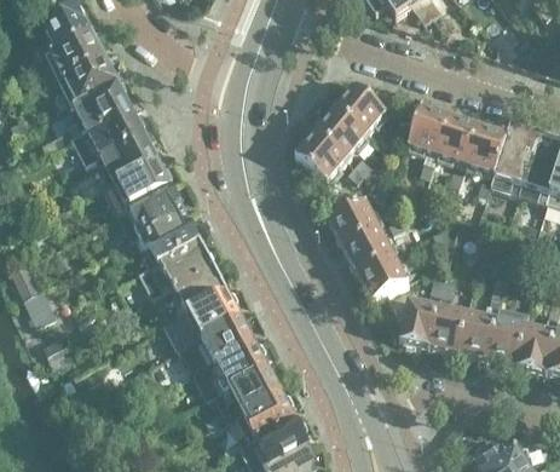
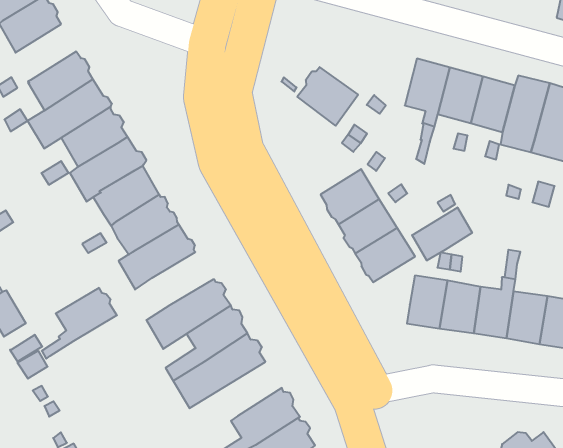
building: [63,54,119,103] -> none
building: [334,85,385,133] -> none
building: [294,132,345,182] -> none
building: none -> [412,207,472,261]
building: [158,265,227,326] -> [42,288,117,359]
building: [213,367,283,428] -> none

